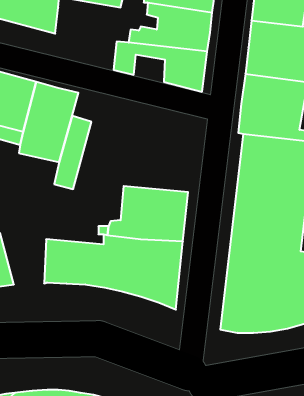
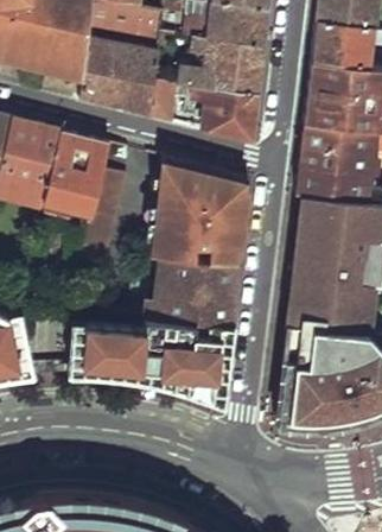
building: none -> [78,45,157,119]
building: none -> [148,160,247,264]

